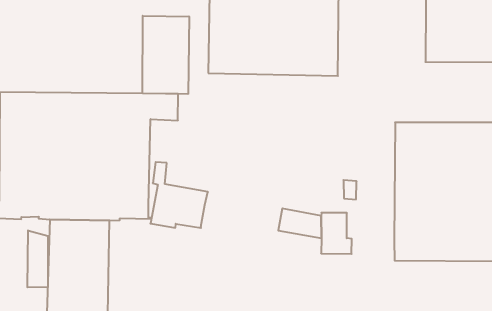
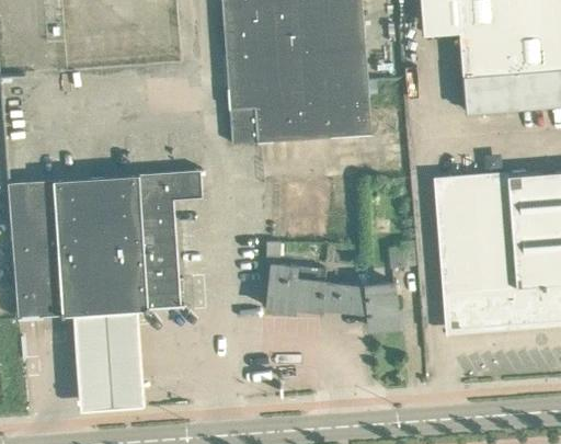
building: [143,16,189,94] -> none
building: [150,162,208,228] -> [265,241,325,310]
building: [27,230,48,287] -> none

